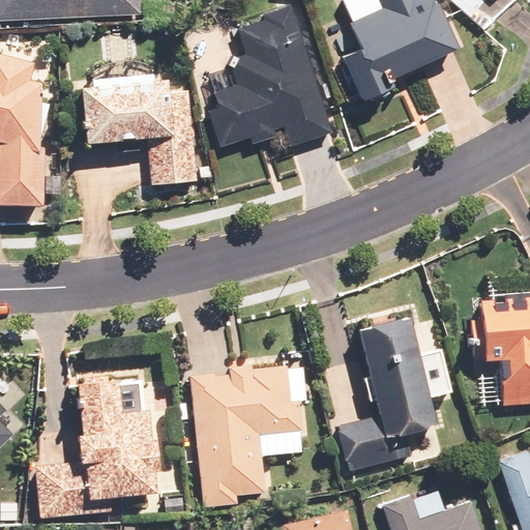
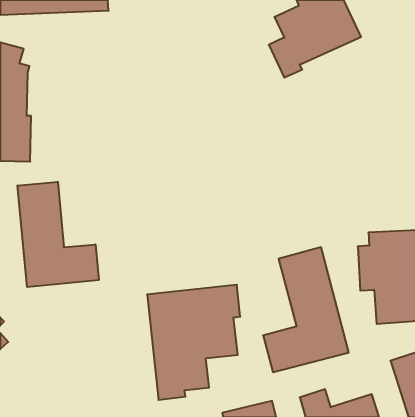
building: [210,5,331,147] -> none
building: [81,79,198,184] -> none
building: none -> [18,182,99,287]
building: [31,378,160,519] -> none

